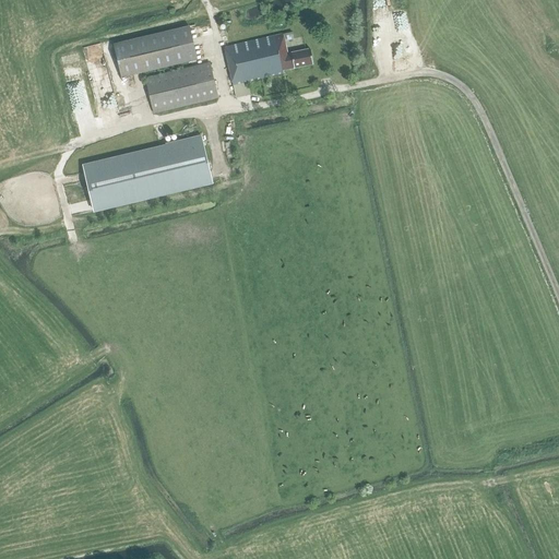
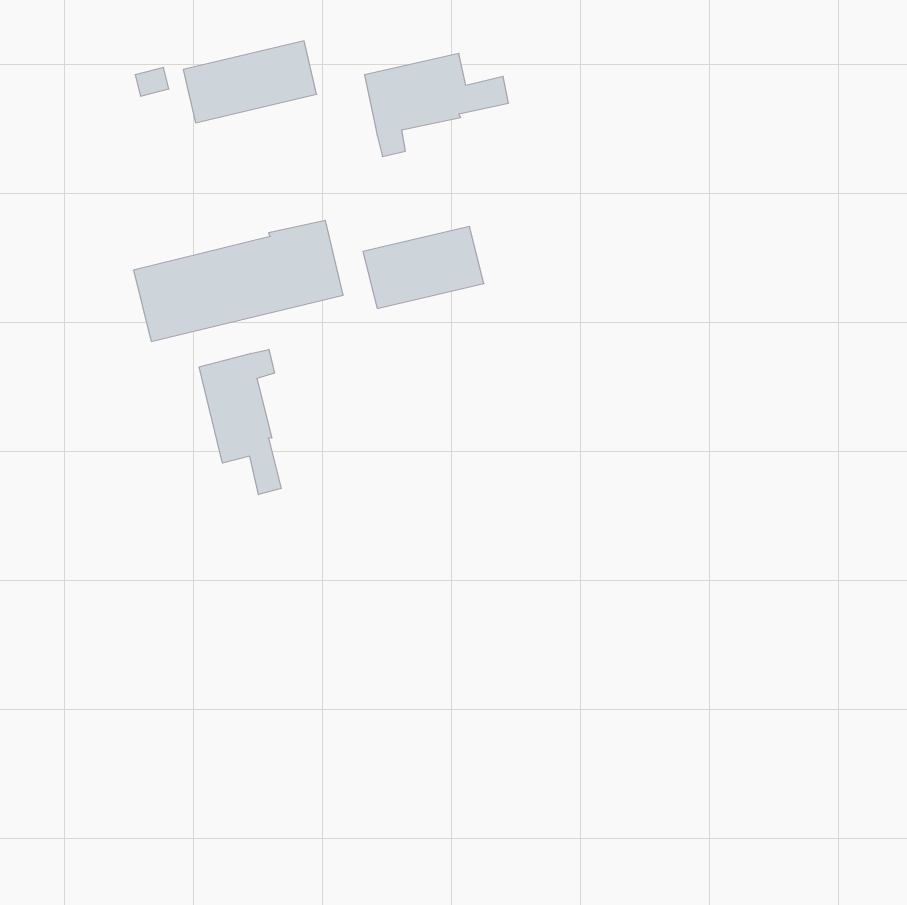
building: [143,61,217,111] -> [363,227,484,308]
building: none -> [199,349,281,495]

